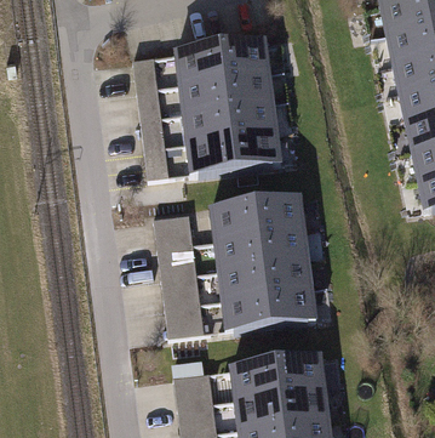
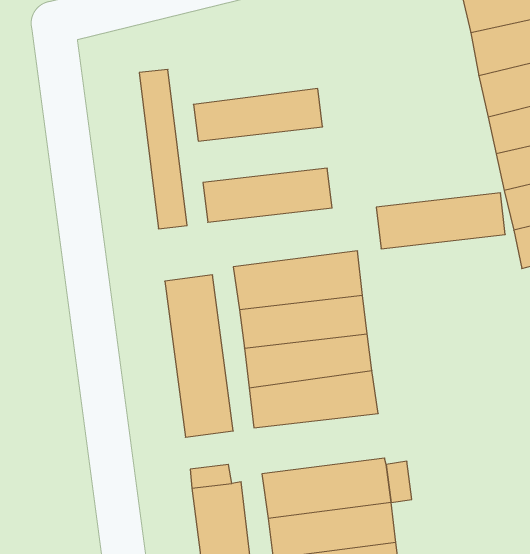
building: [171,36,269,83] -> none
building: [178,99,276,142] -> [376,193,505,249]

